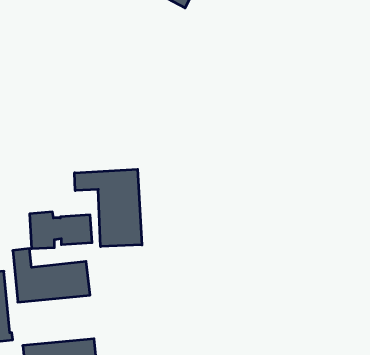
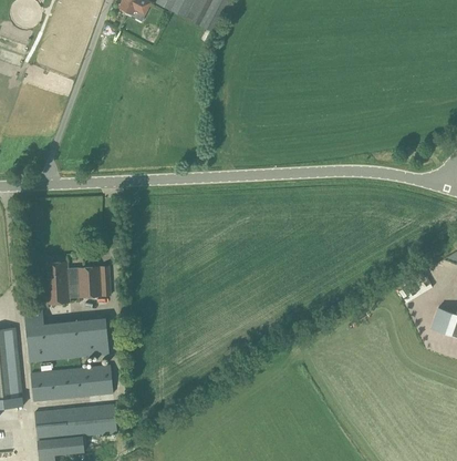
building: [75,169,142,247] -> none
building: none -> [32,365,115,401]

